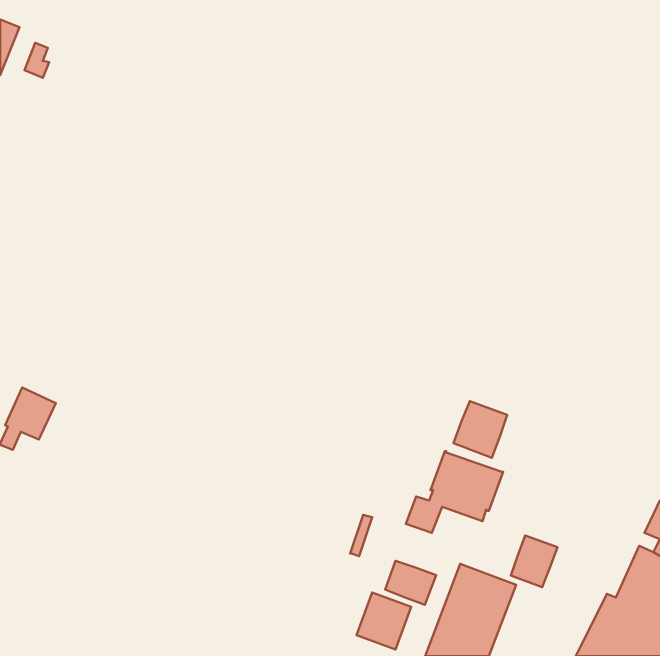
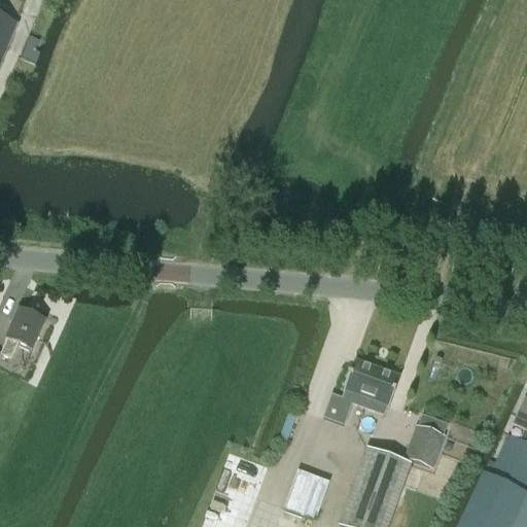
building: [454,401,507,458] -> none
building: [385,561,436,605] -> none

